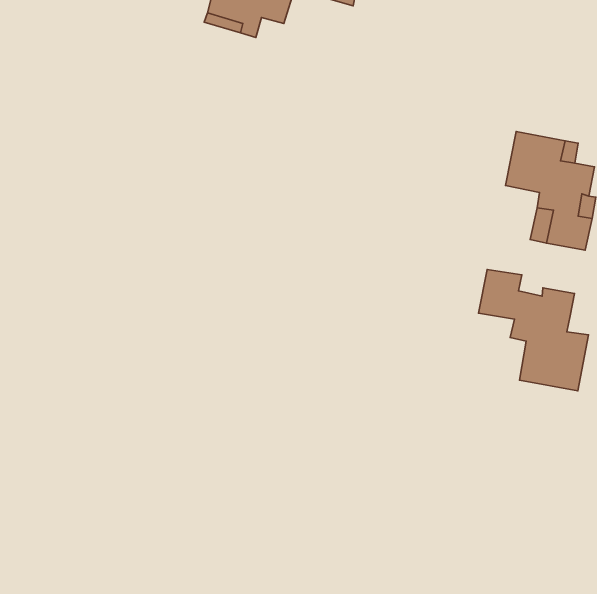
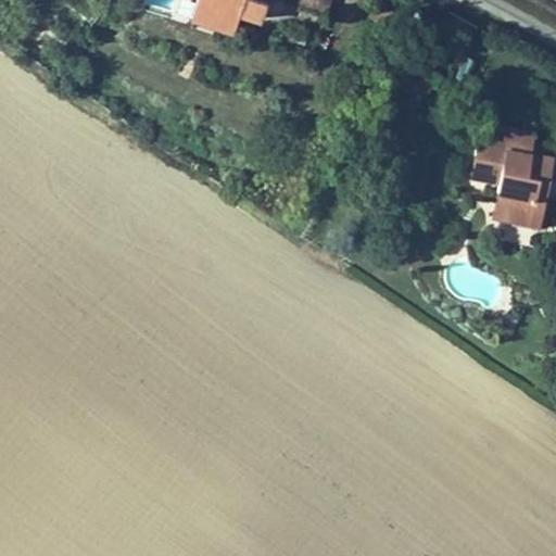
building: [479,269,589,391] -> none

